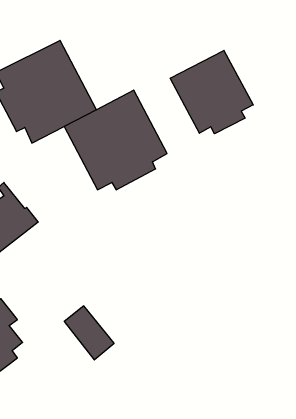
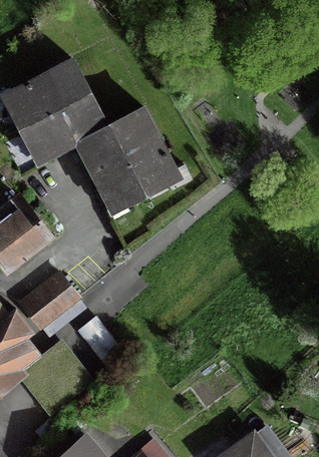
building: [170,50,253,134] -> none
building: none -> [22,276,76,327]

